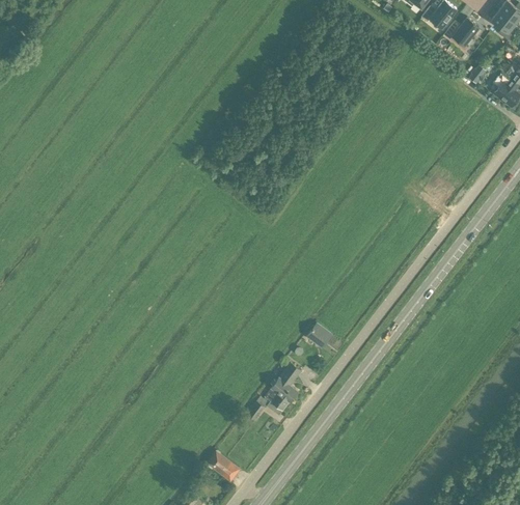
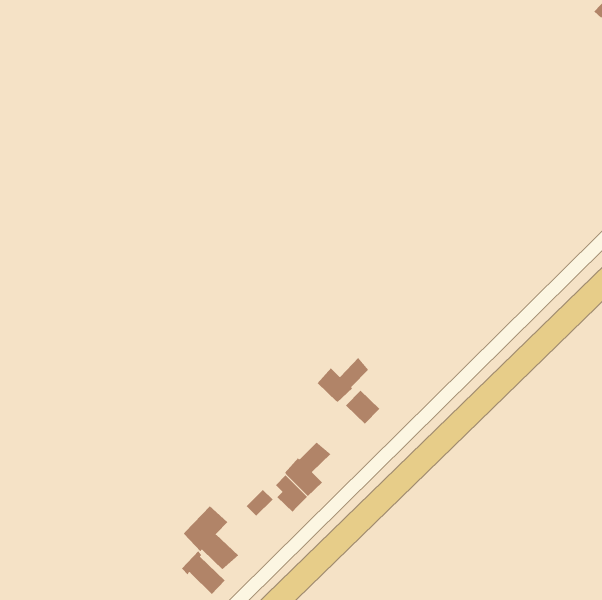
building: none -> [317,357,369,403]
building: none -> [183,505,239,570]

